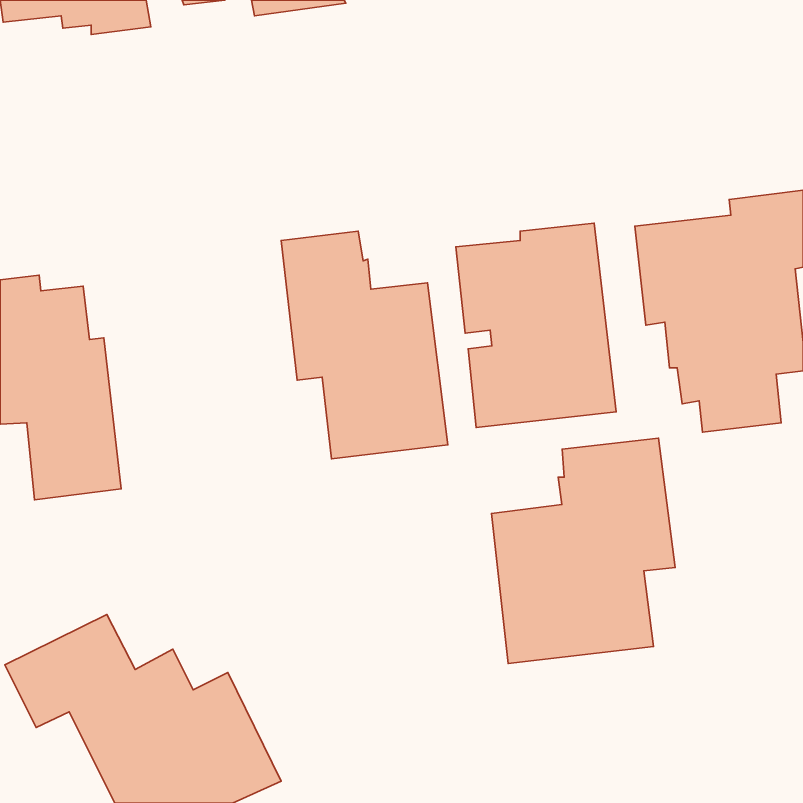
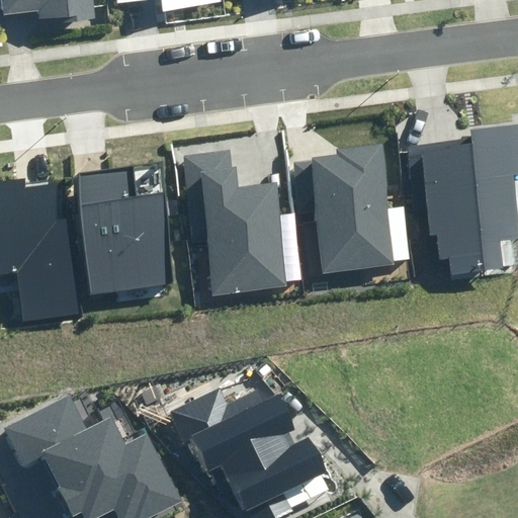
building: none -> [76,167,176,294]
building: [492,438,675,664] -> none
building: none -> [168,387,327,510]

